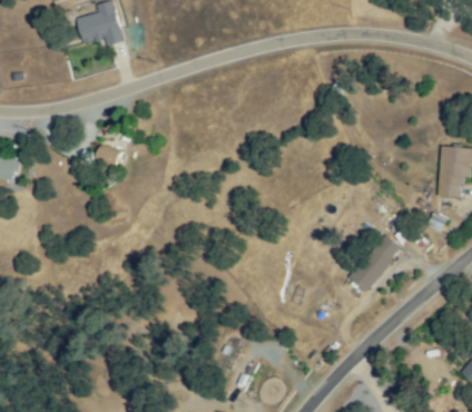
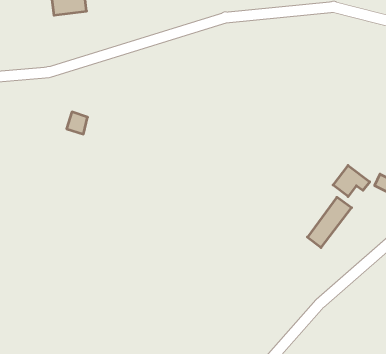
building: none -> [333,165,370,197]

